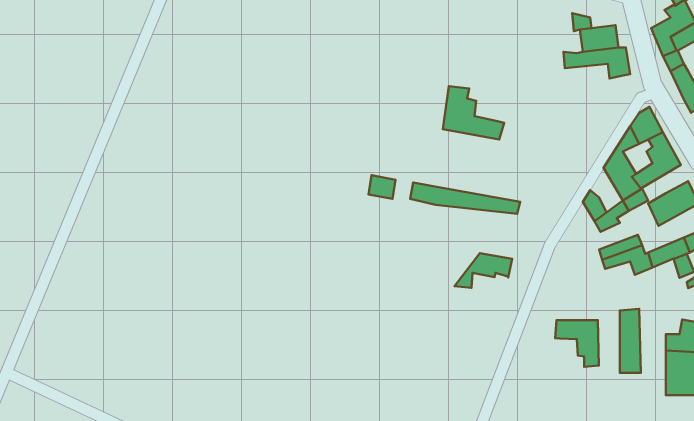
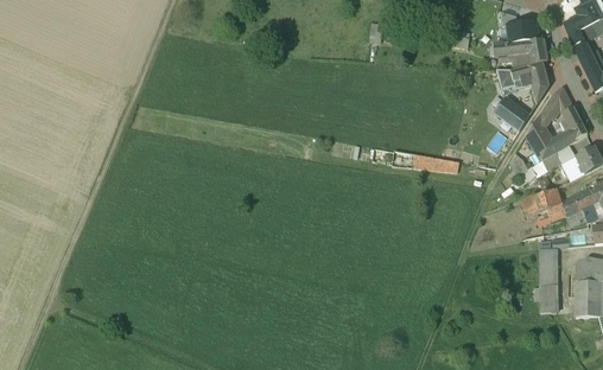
building: none -> [496,62,548,103]
building: [443,86,504,139] -> none
building: none -> [494,97,528,130]
building: [454,253,512,288] -> none
building: [555,320,599,367] -> none

